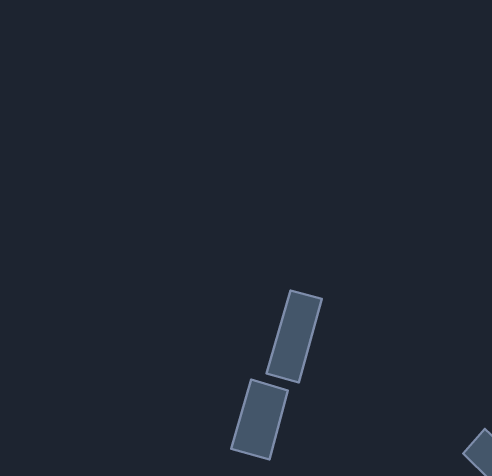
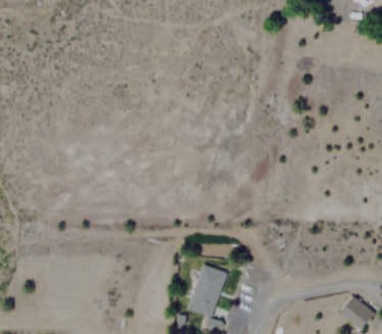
building: [267,291,322,382] -> none

